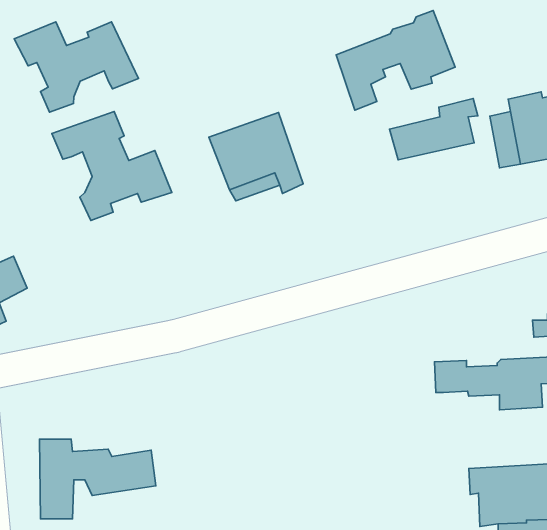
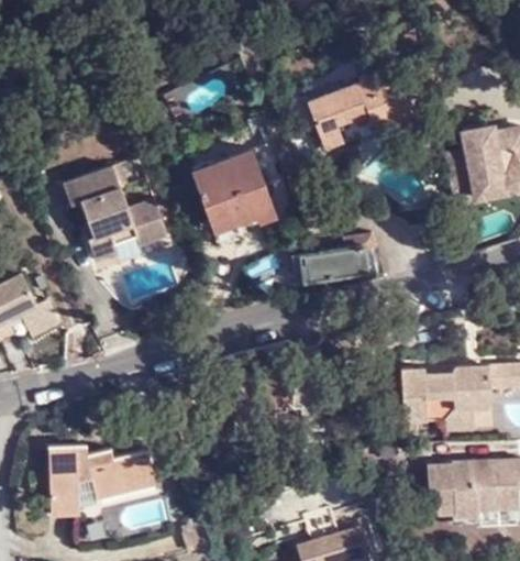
building: [14,22,138,112] -> none
building: [390,99,478,160] -> [299,231,378,286]
building: none -> [407,399,478,435]

